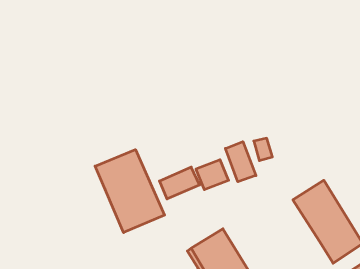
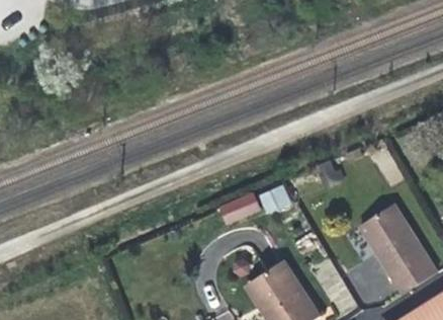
building: [225,142,256,182] -> none
building: [95,150,165,233] -> none

